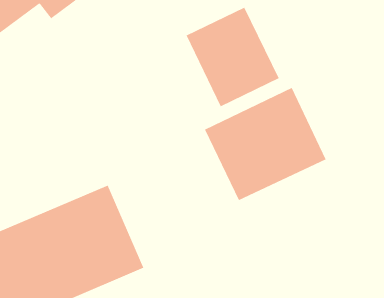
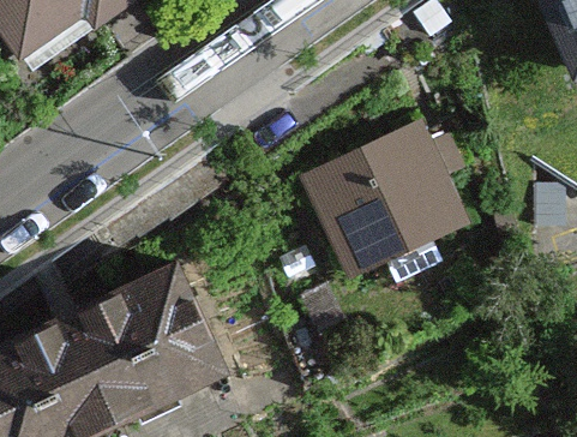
building: [186,7,279,107] -> none

